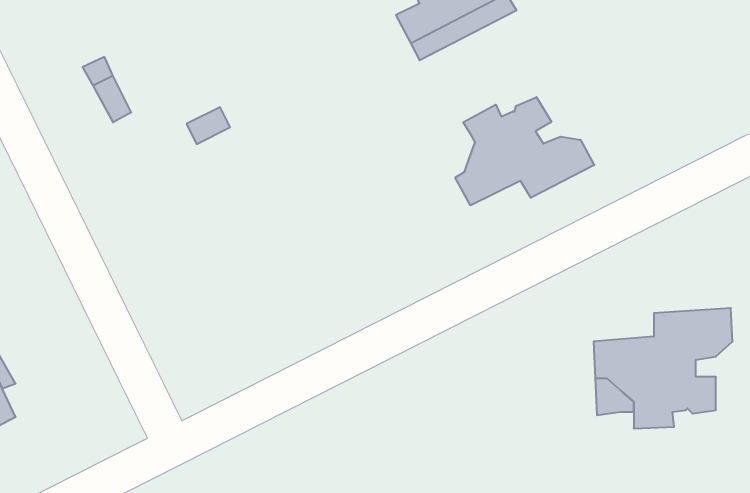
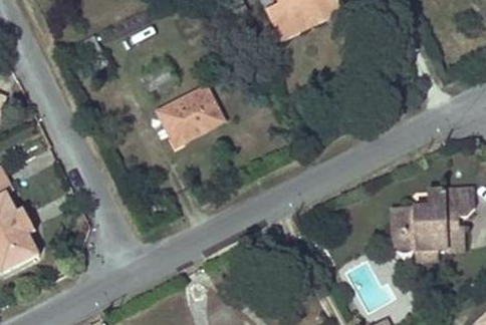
building: [455,97,594,205] -> none
building: none -> [158,86,224,145]

